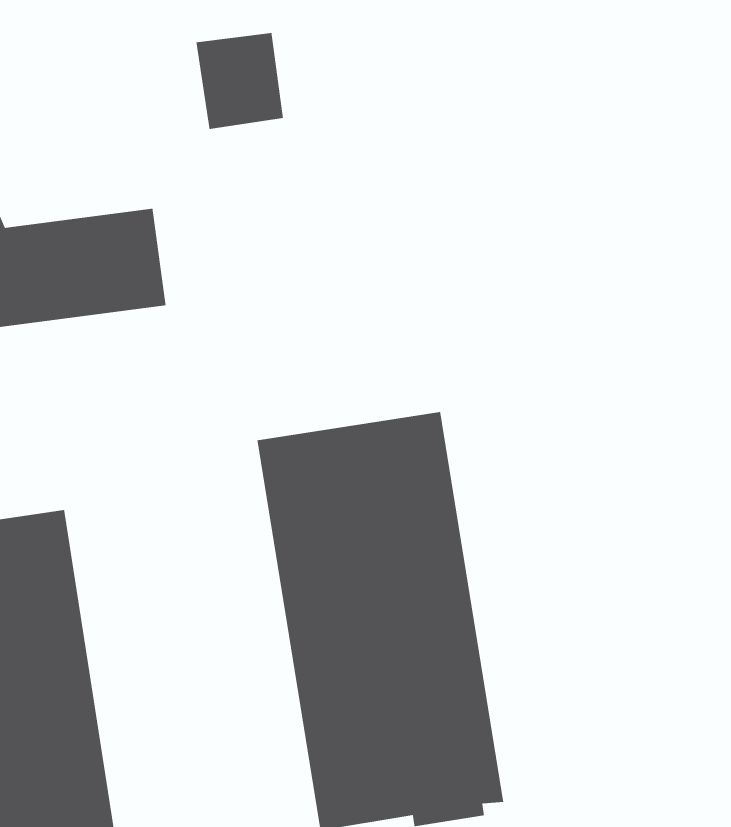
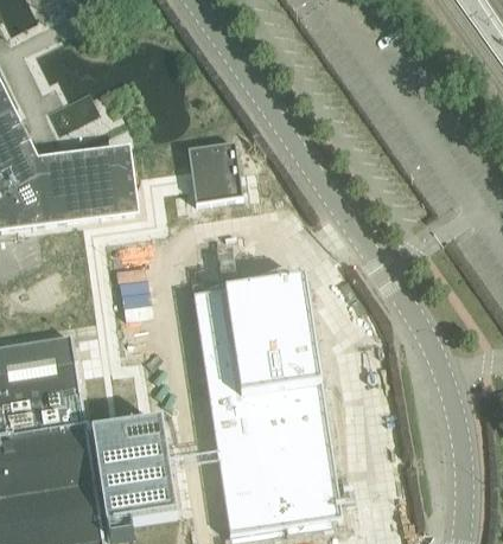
building: [195,32,284,130] -> [187,142,242,203]
building: none -> [93,421,178,525]

